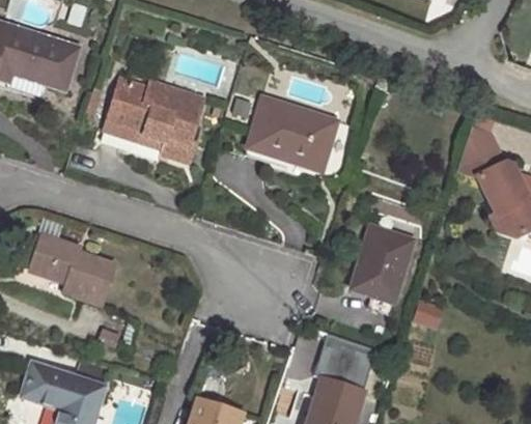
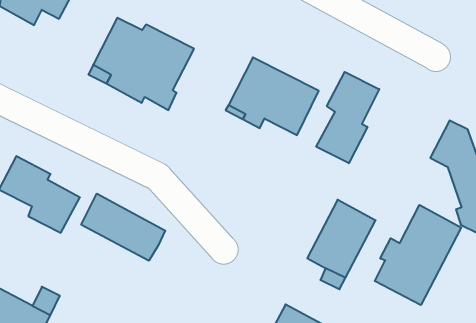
building: none -> [316,72,379,163]
building: none -> [375,205,461,305]
building: none -> [81,194,165,261]

